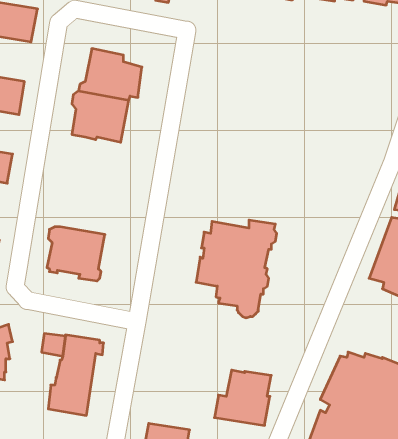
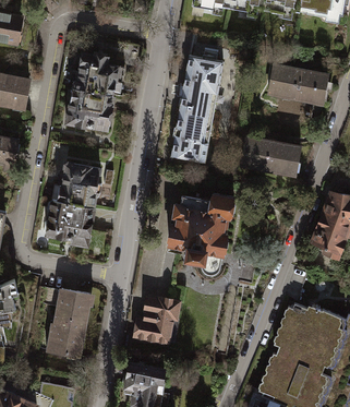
building: none -> [172,56,224,160]
building: none -> [267,65,326,103]
building: none -> [240,136,298,175]
building: none -> [57,163,101,206]
building: [214,370,271,425] -> [133,297,180,343]

